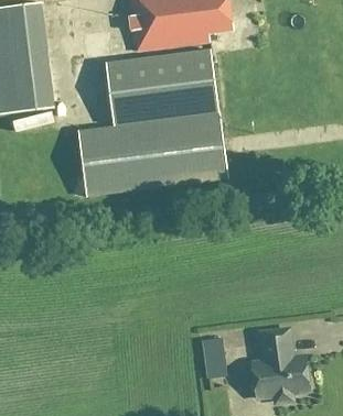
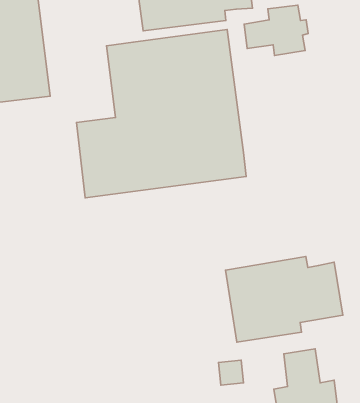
building: none -> [244,5,308,56]
building: none -> [226,257,343,342]

